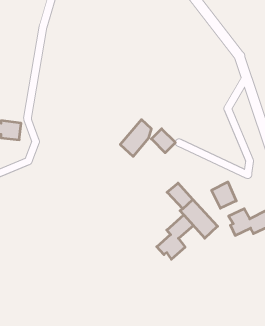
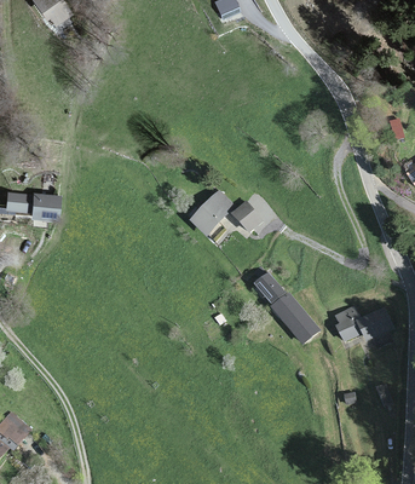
building: [212,182,236,208] -> none
building: [157,215,193,259] -> none

